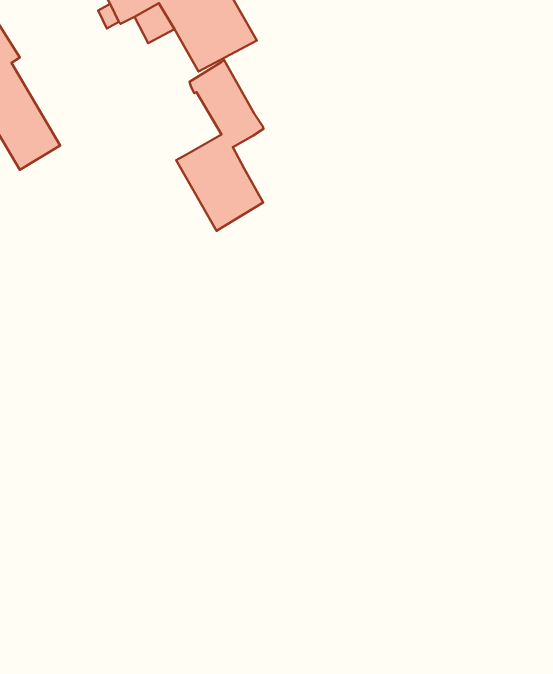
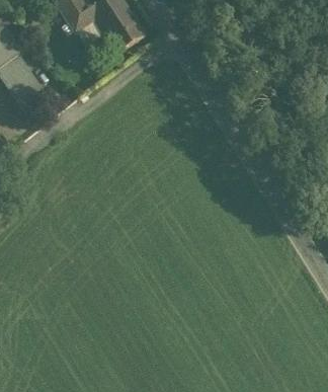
building: [176,60,264,231] -> none

